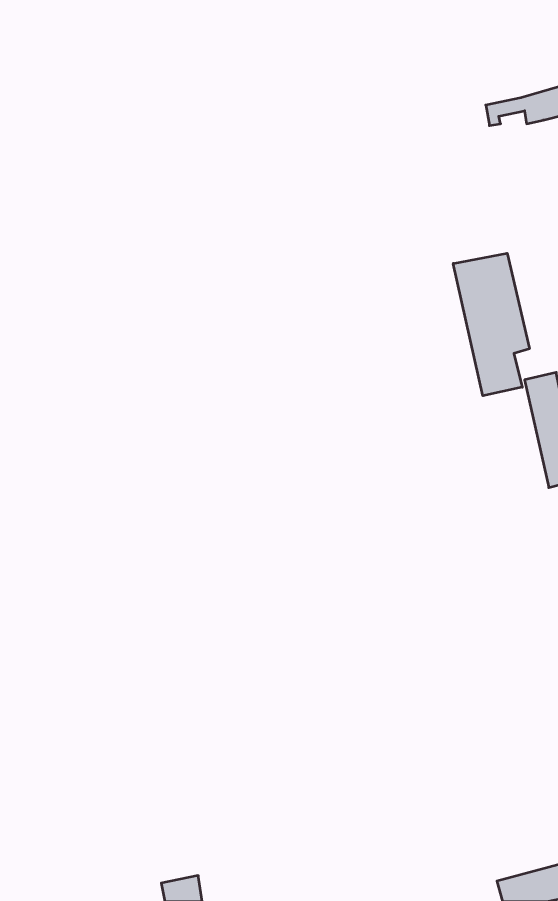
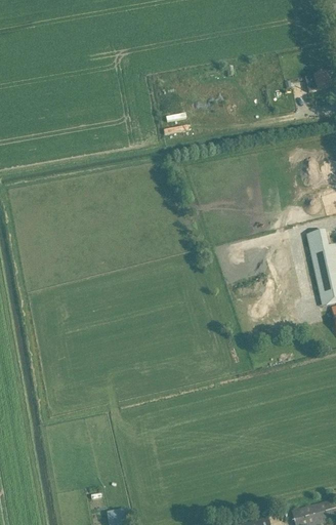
building: [453,253,529,396] -> none

